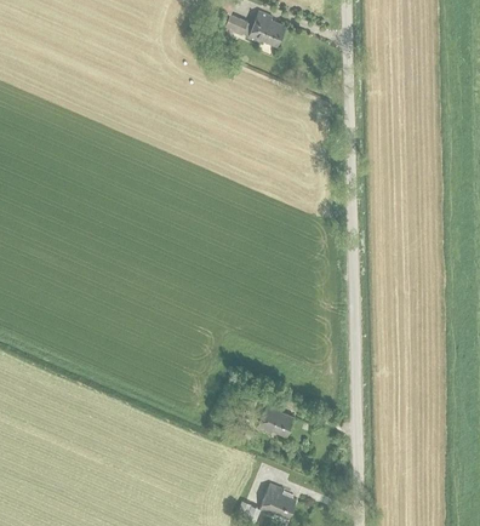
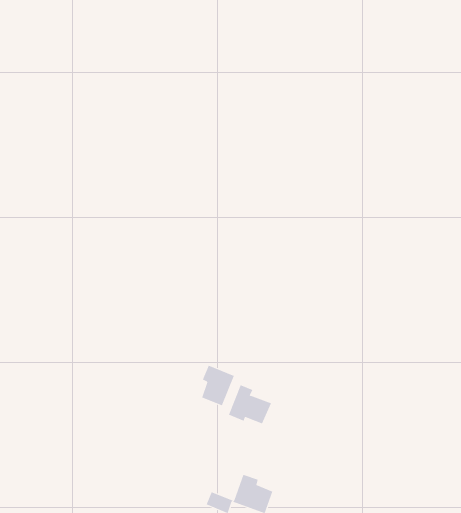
building: none -> [201,365,235,406]

